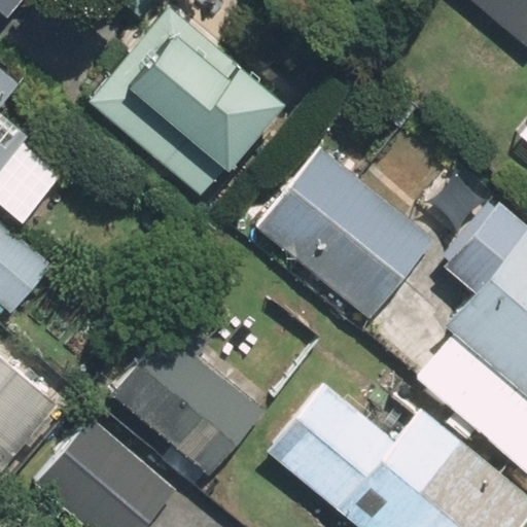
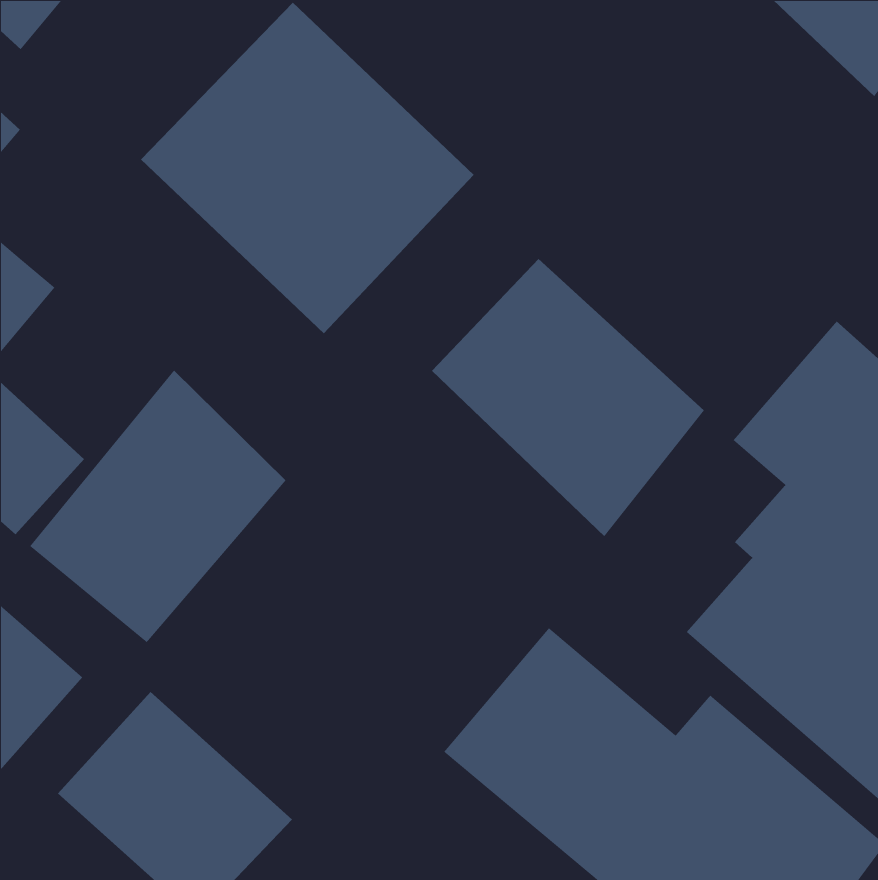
building: none -> [29,370,287,643]
building: [110,323,272,480] -> none

